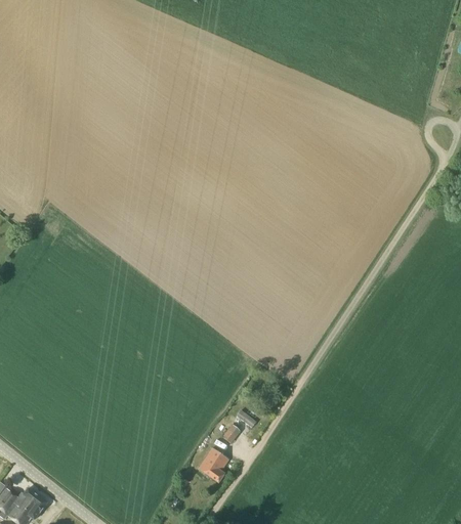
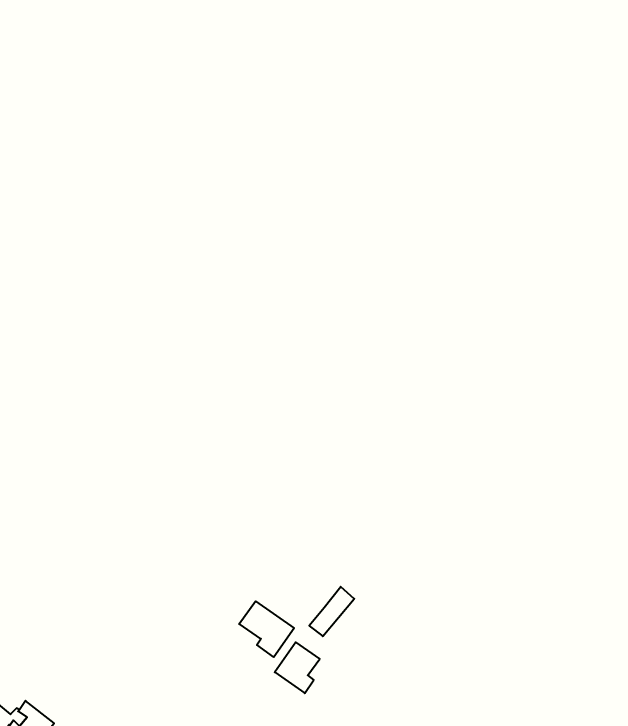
building: none -> [239,601,294,657]

